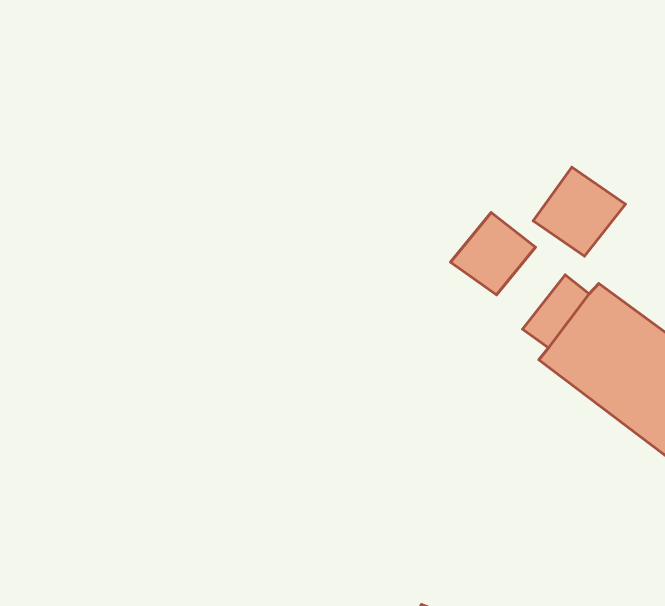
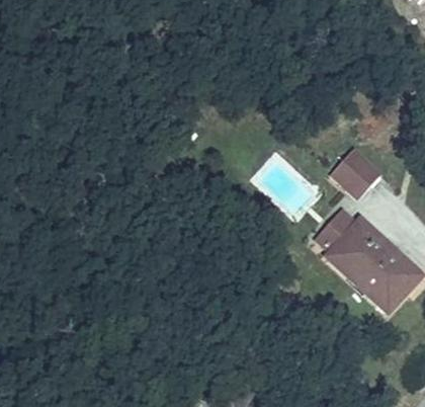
building: [451,212,535,295] -> none

